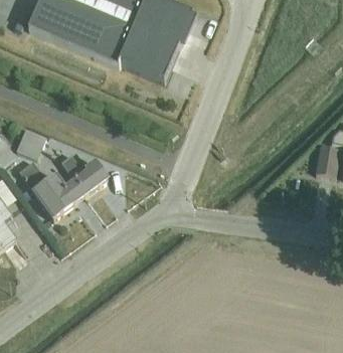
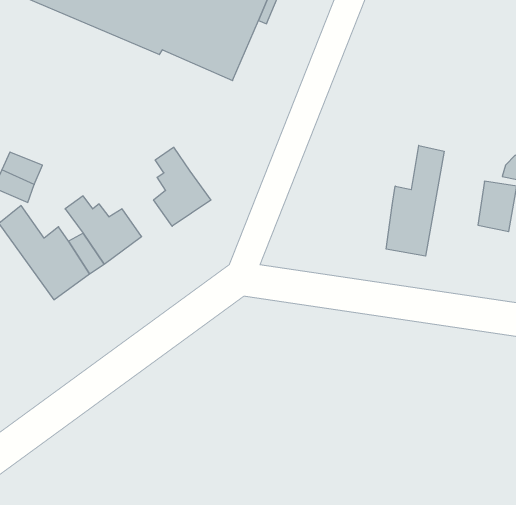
building: none -> [386,145,444,256]
building: none -> [154,147,211,226]

